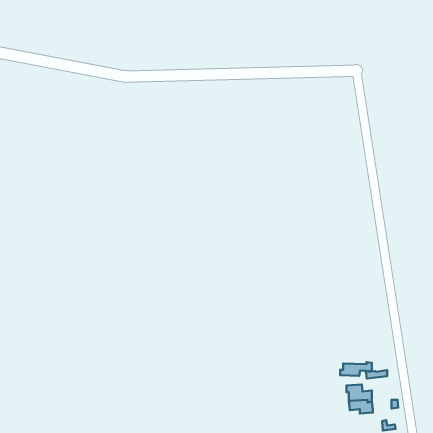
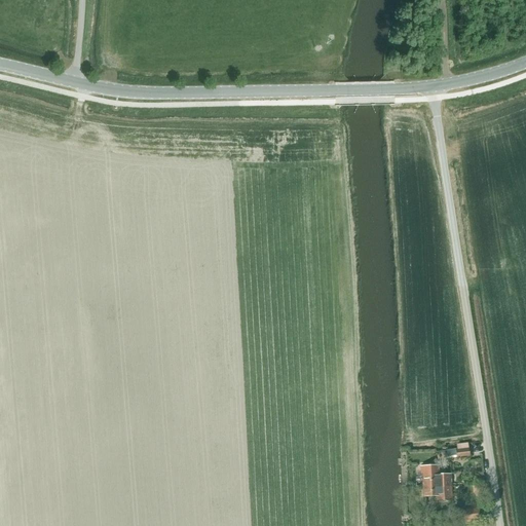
building: [340,362,372,376] -> none

